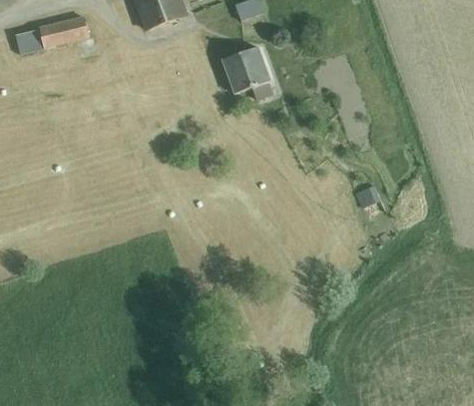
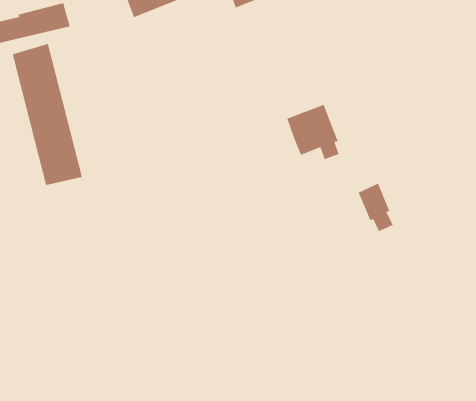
building: [225,52,275,103] -> [286,104,339,160]
building: none -> [12,43,82,186]

